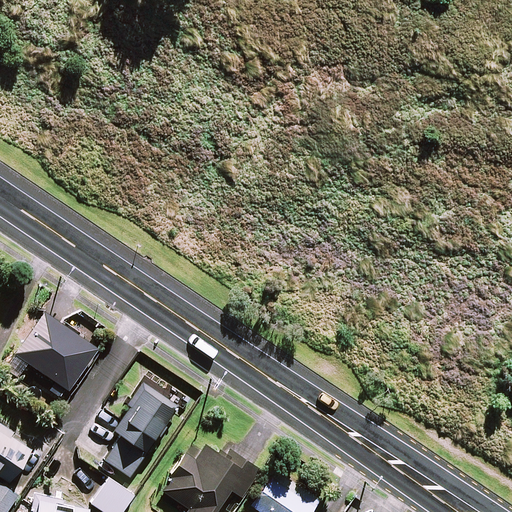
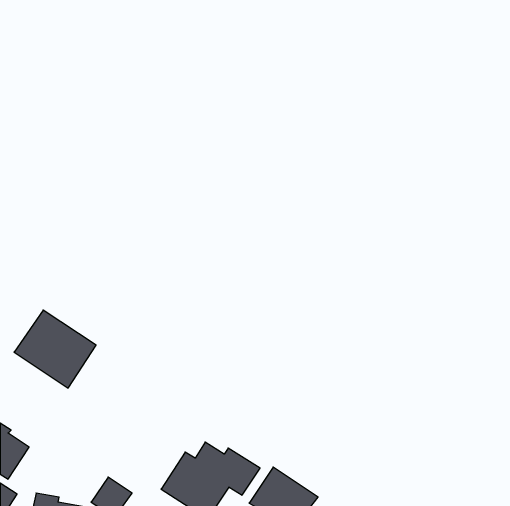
building: [104,379,191,480] -> none

